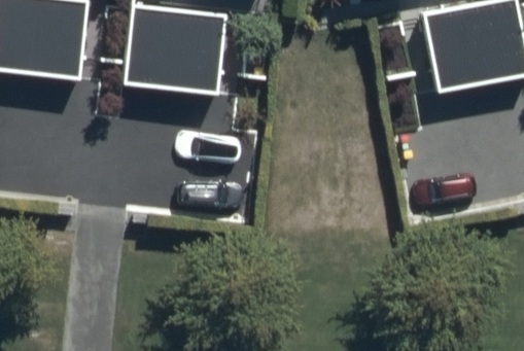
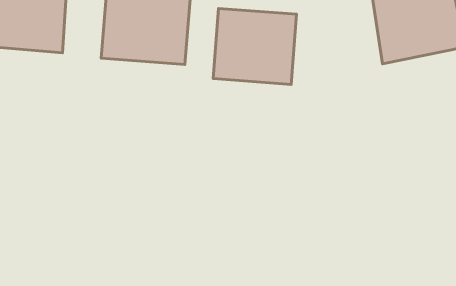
building: none -> [213,8,297,84]

